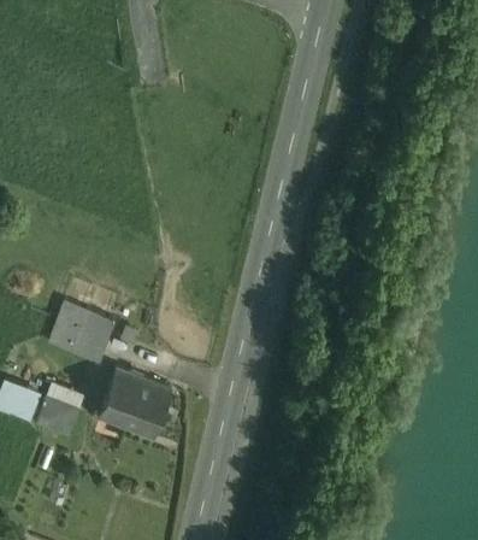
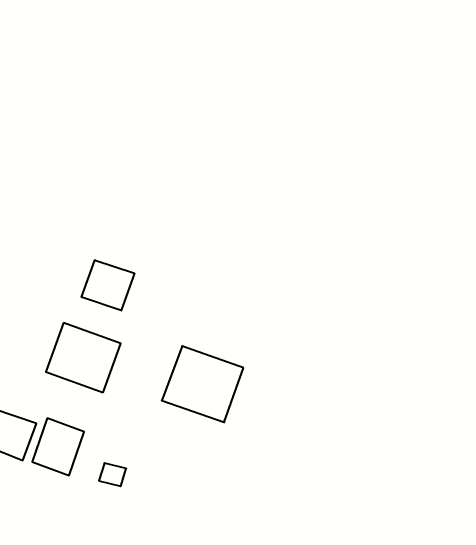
building: none -> [82,260,134,311]
building: [98,370,170,438] -> [162,346,243,422]

